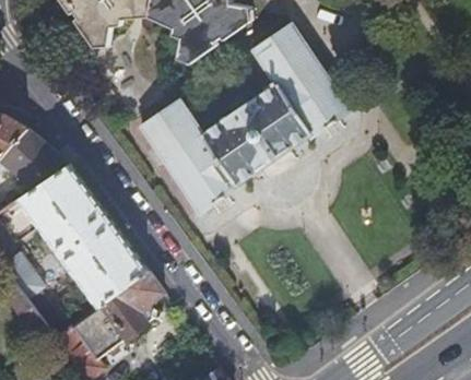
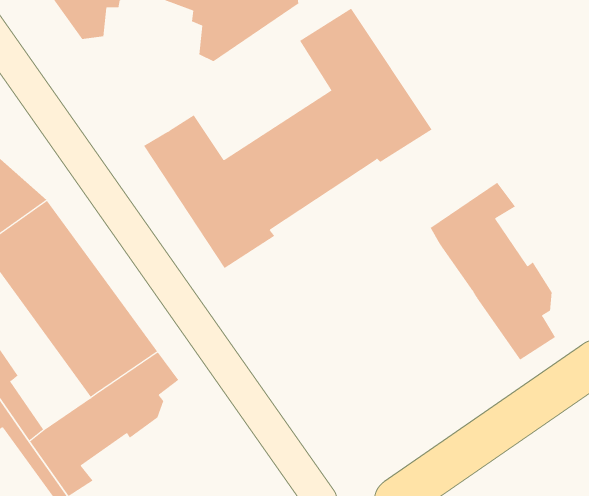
building: none -> [430,182,556,361]

